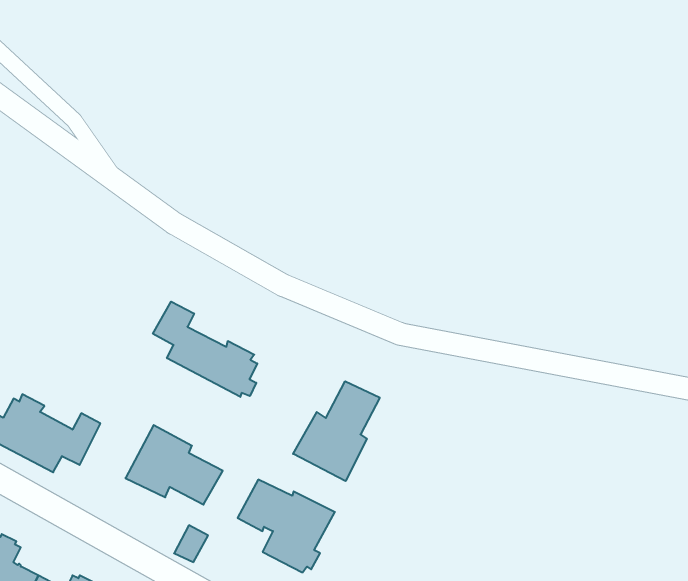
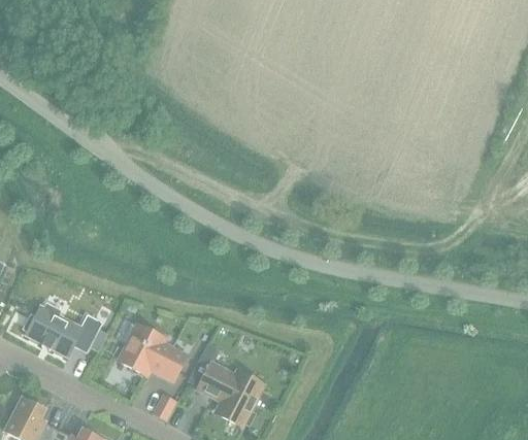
building: [153,302,257,397] -> none
building: [293,381,380,481] -> none

